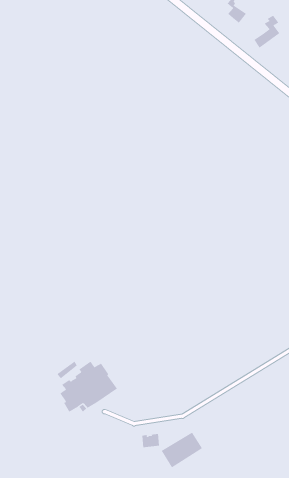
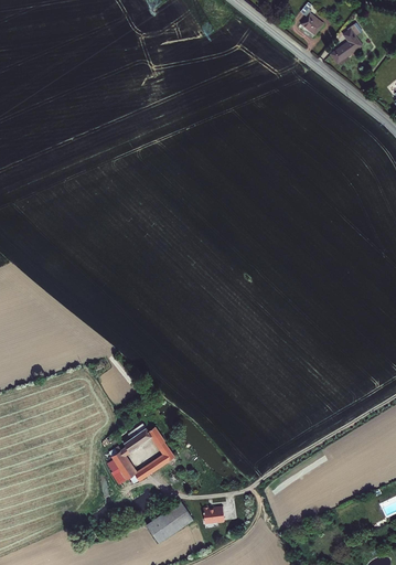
building: [161,432,203,468] -> [145,501,193,543]

